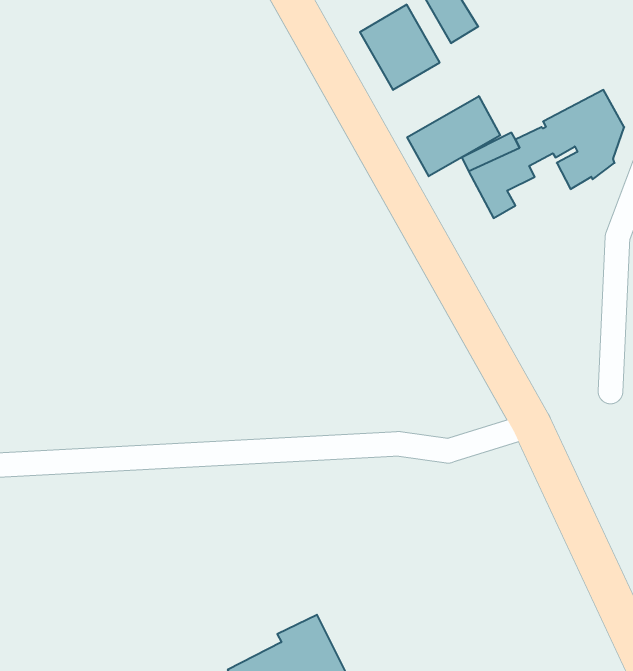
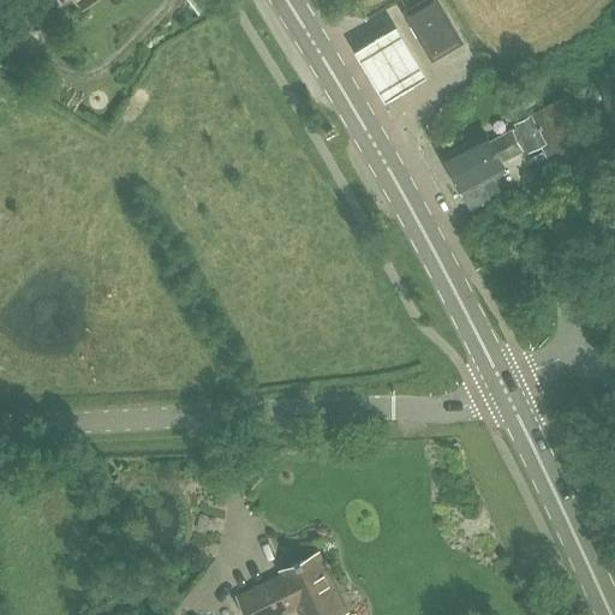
building: [407,96,500,176] -> none

